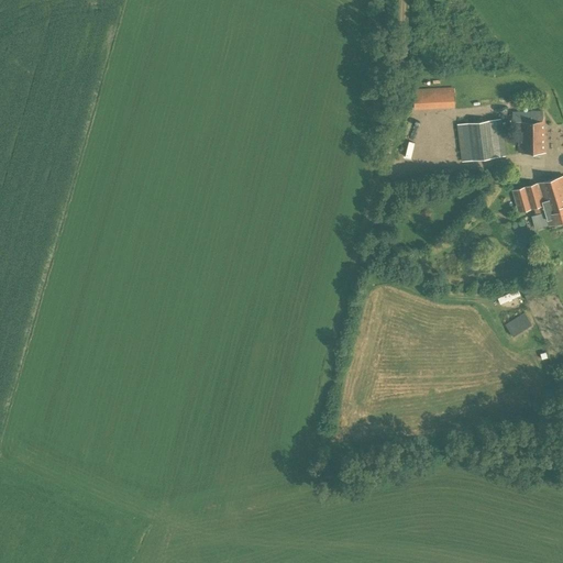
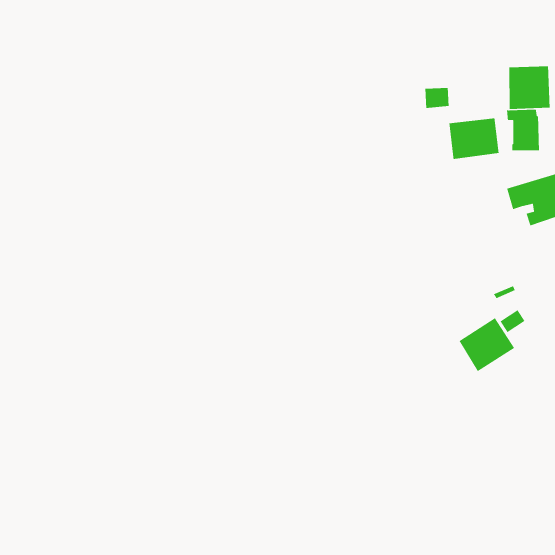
building: none -> [508,66,550,110]
building: none -> [459,317,515,372]

